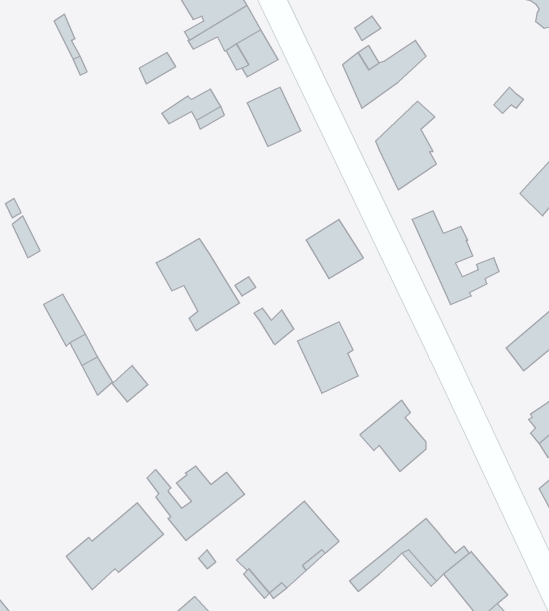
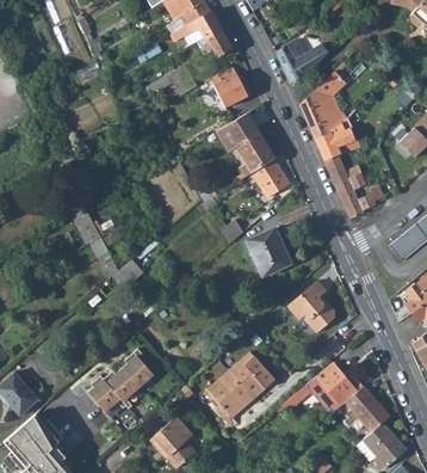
building: none -> [315,117,360,158]
building: [156,239,240,331] -> [217,113,274,177]
building: [147,466,245,541] -> none

